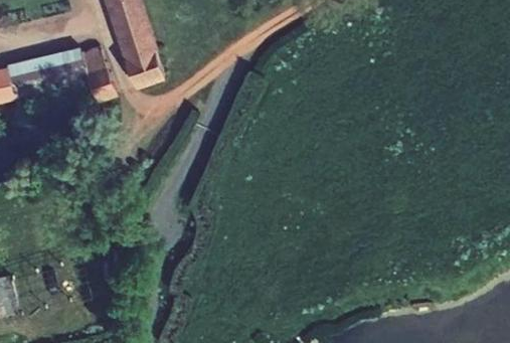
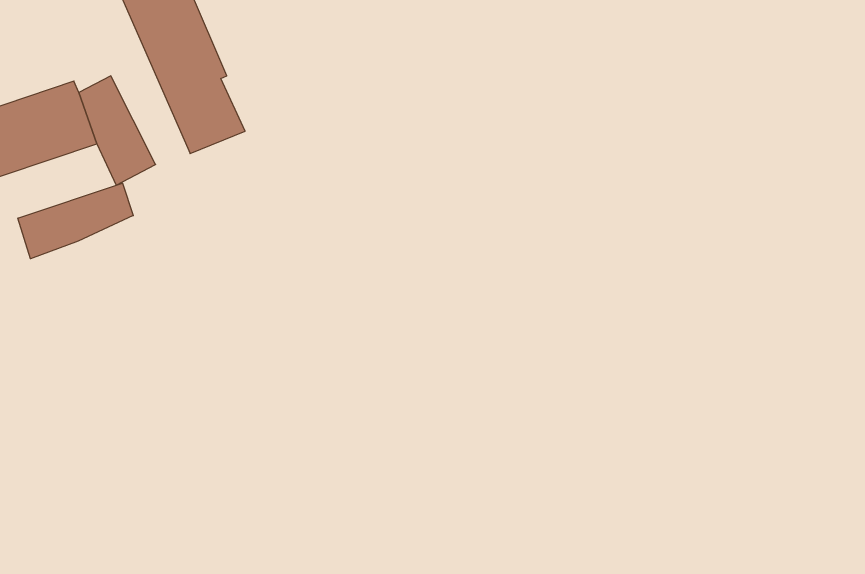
building: none -> [18,183,133,259]

